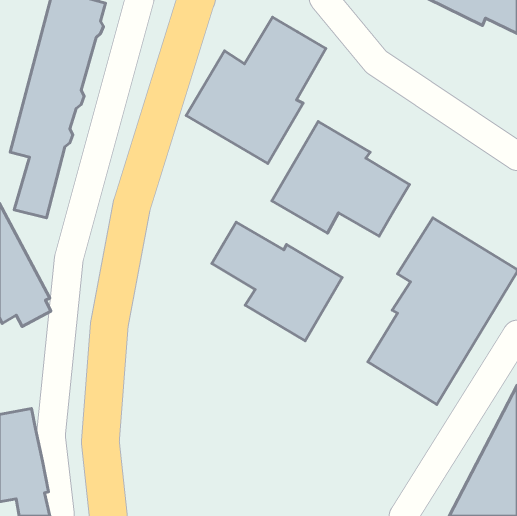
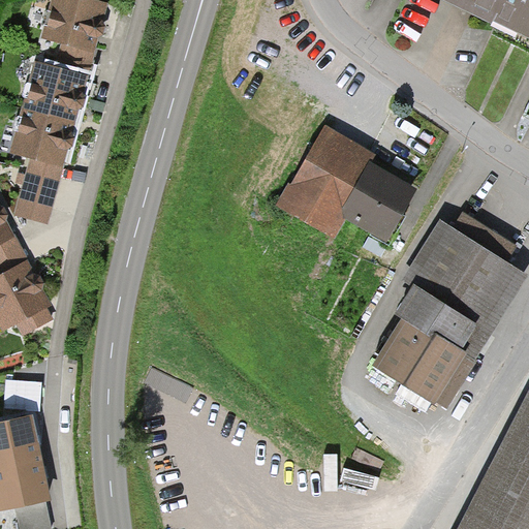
building: [186,17,326,163] -> none
building: [212,222,342,341] -> none
building: none -> [4,379,40,409]

